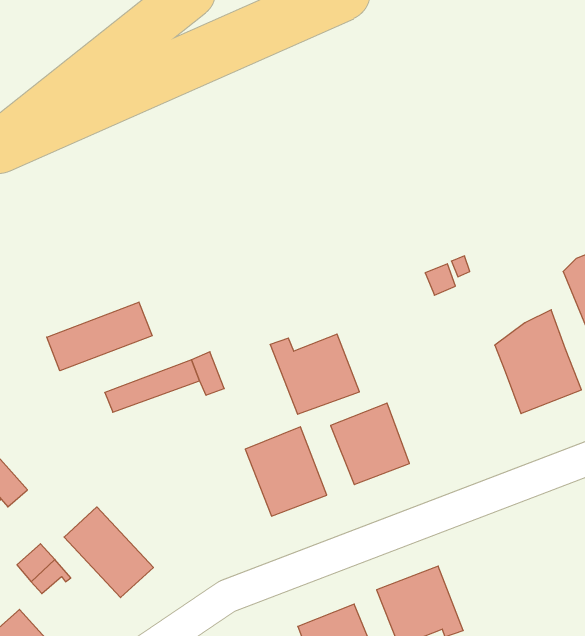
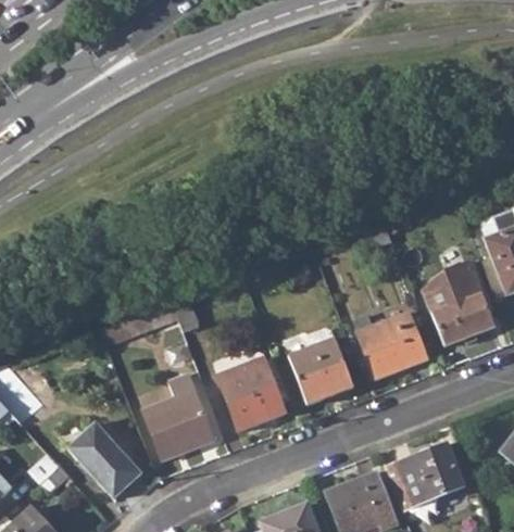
building: [47,302,152,371] -> none
building: [270,334,359,414] -> [353,311,427,377]
building: none -> [143,373,214,459]
building: none -> [397,443,465,506]

